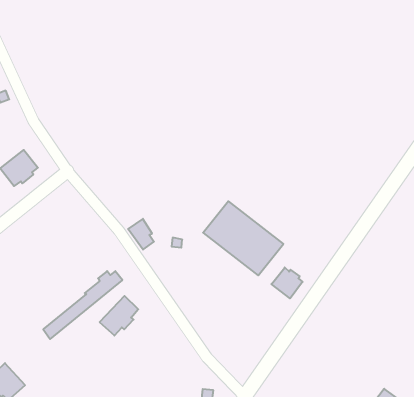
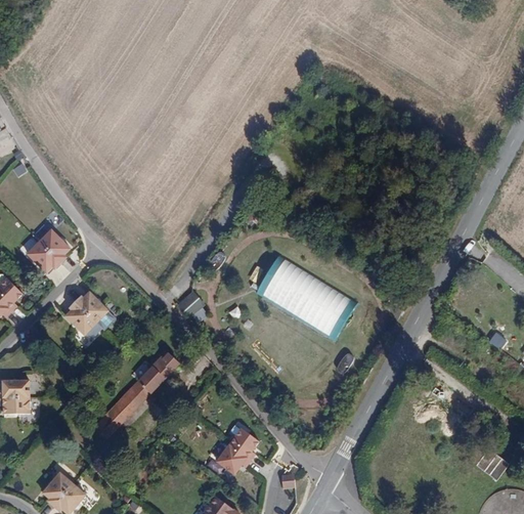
building: none -> [63,291,106,333]
building: [271,267,303,298] -> none
building: [100,296,138,336] -> [216,426,258,472]

